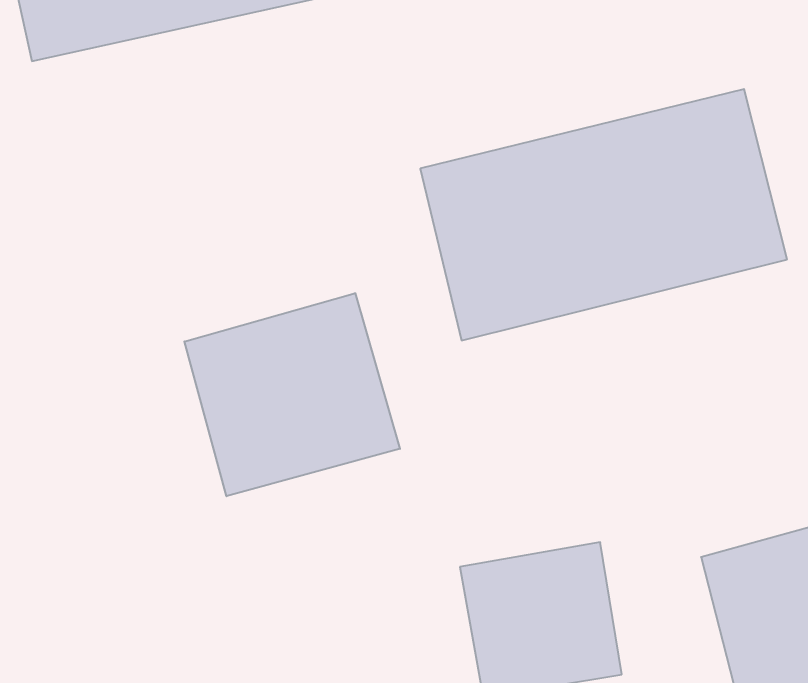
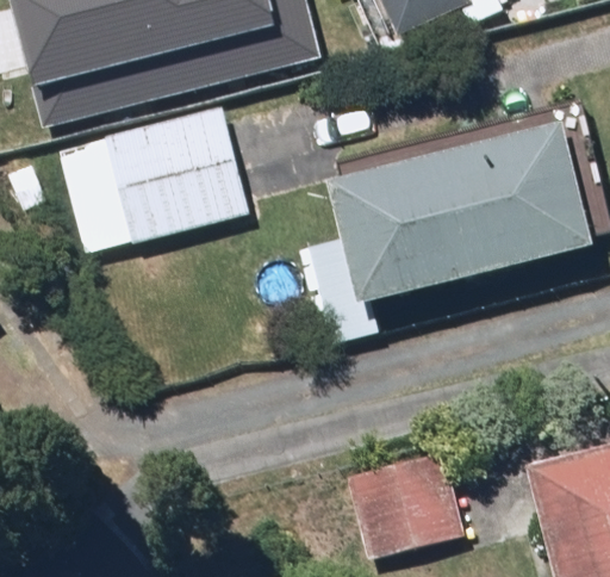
building: none -> [58,97,260,256]
building: [184,293,400,496] -> none

